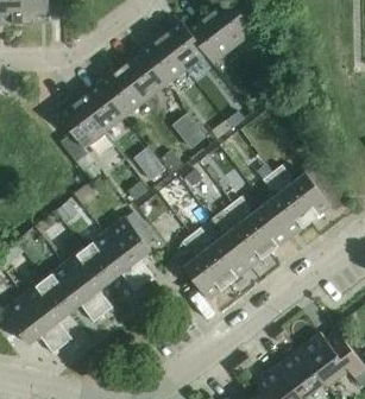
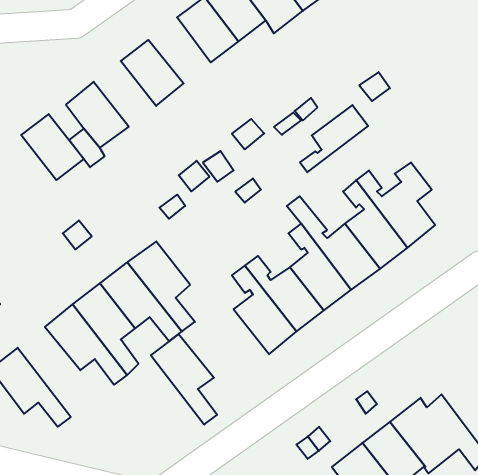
building: [119,51,165,100] -> none
building: [78,83,125,132] -> [21,114,84,180]
building: none -> [300,105,368,172]
building: [23,279,71,346] -> [151,334,217,425]

